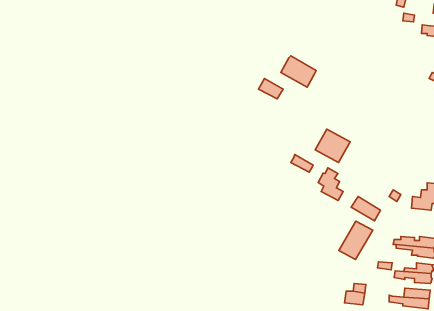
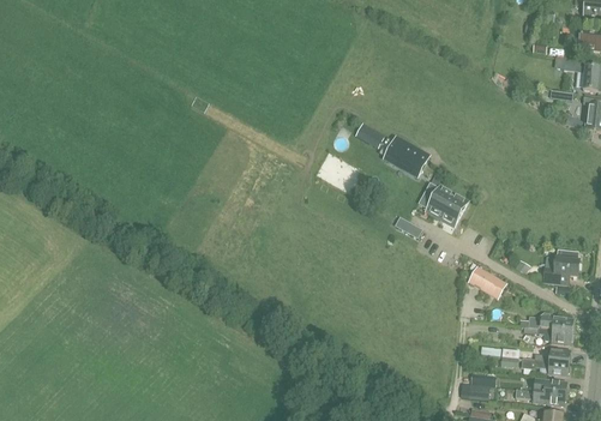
building: [281,56,316,87] -> [385,137,428,175]
building: [318,168,343,201] -> none
building: [339,221,373,260] -> none

